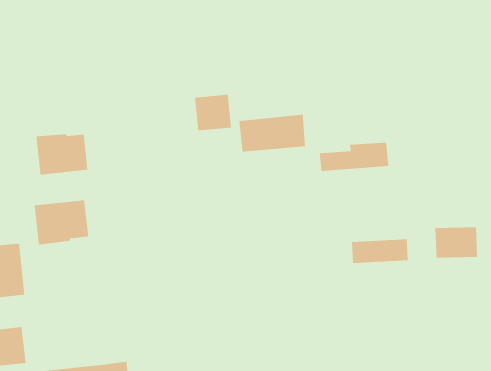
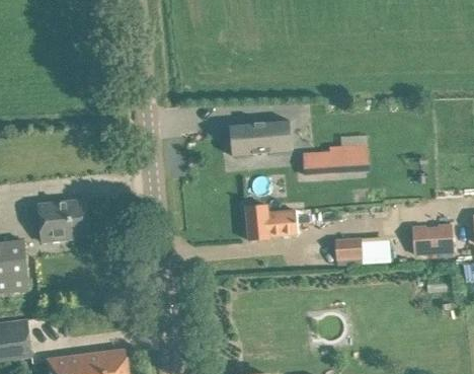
building: [195,94,231,131] -> none
building: [36,133,88,176] -> none
building: none -> [245,205,297,240]

